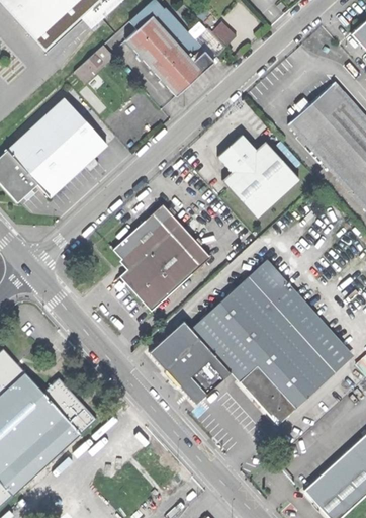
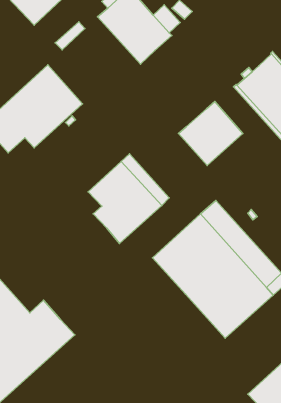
building: [216,134,255,171] -> none
building: [149,320,230,403] -> none

